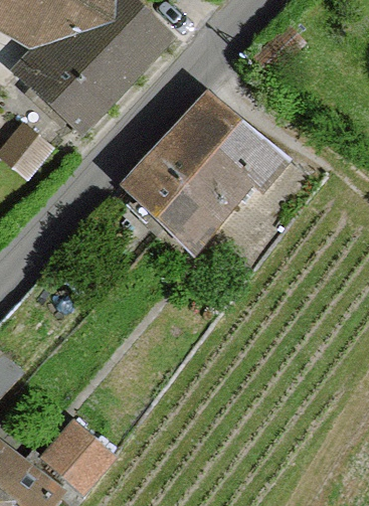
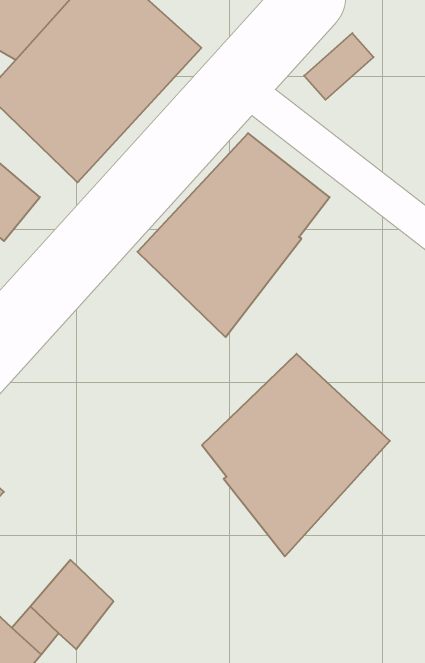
building: none -> [202,354,390,556]

